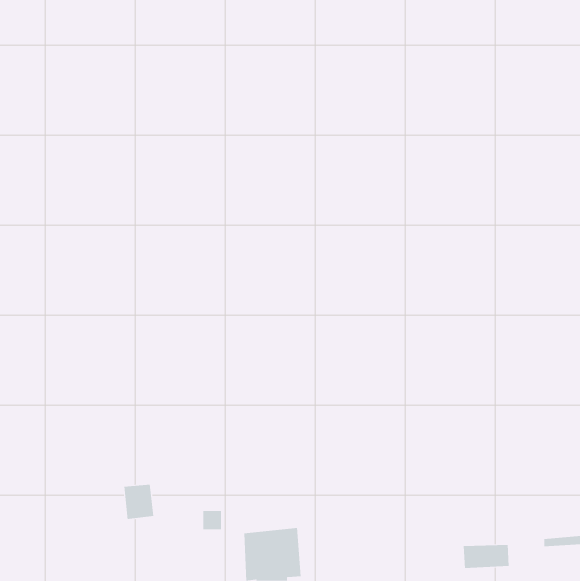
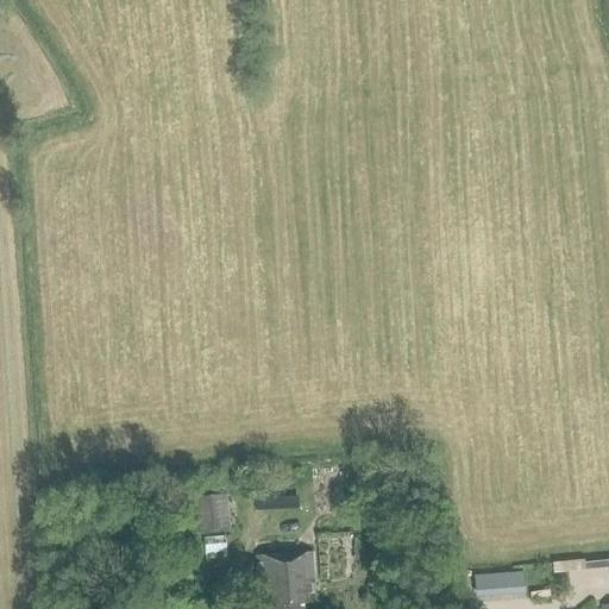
building: [123,484,154,519] -> [194,496,226,533]

